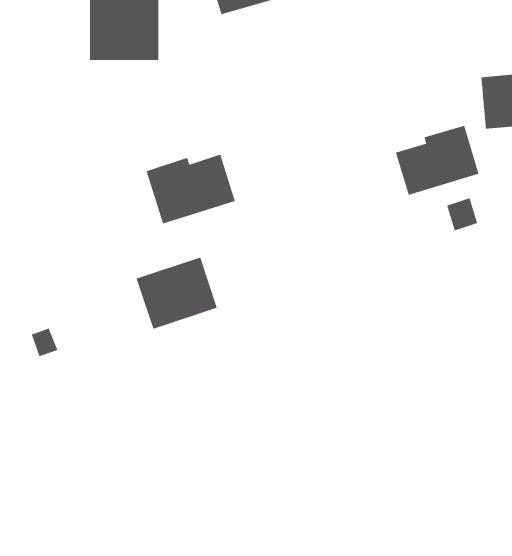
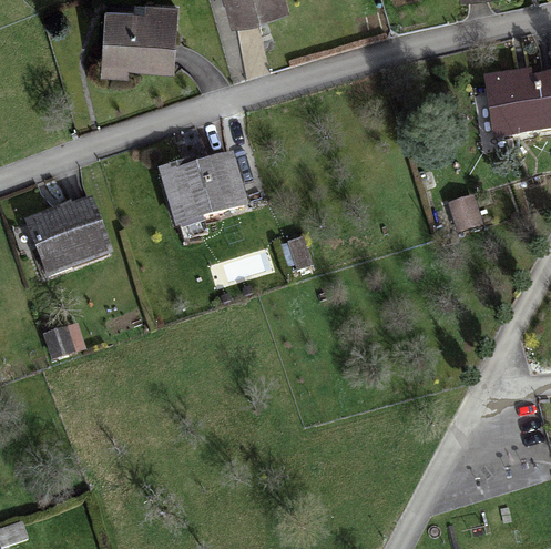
building: [395,125,480,196] -> none
building: [136,257,218,330] -> [30,199,110,270]

